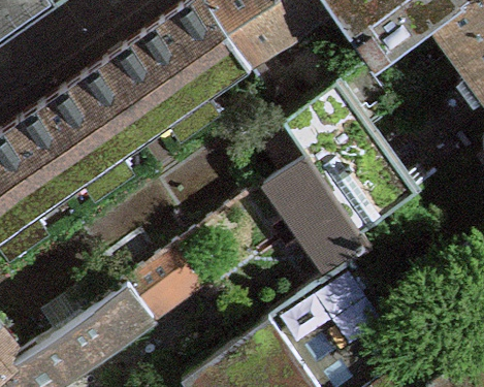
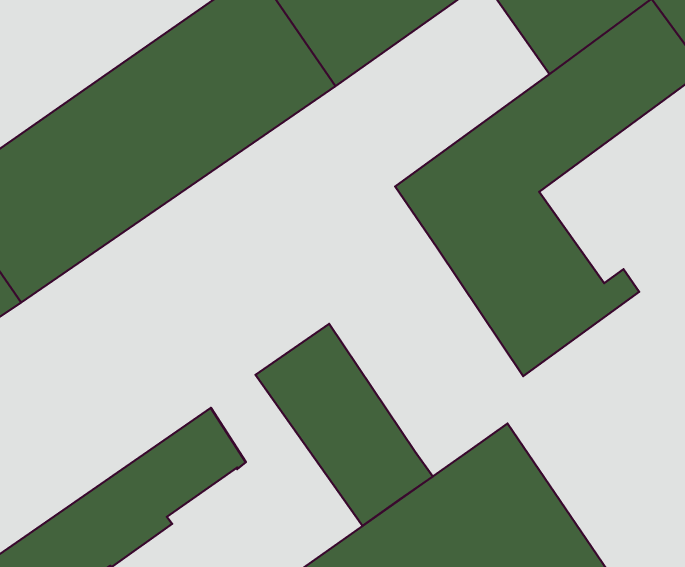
building: [262,161,366,280] -> [256,324,433,526]

